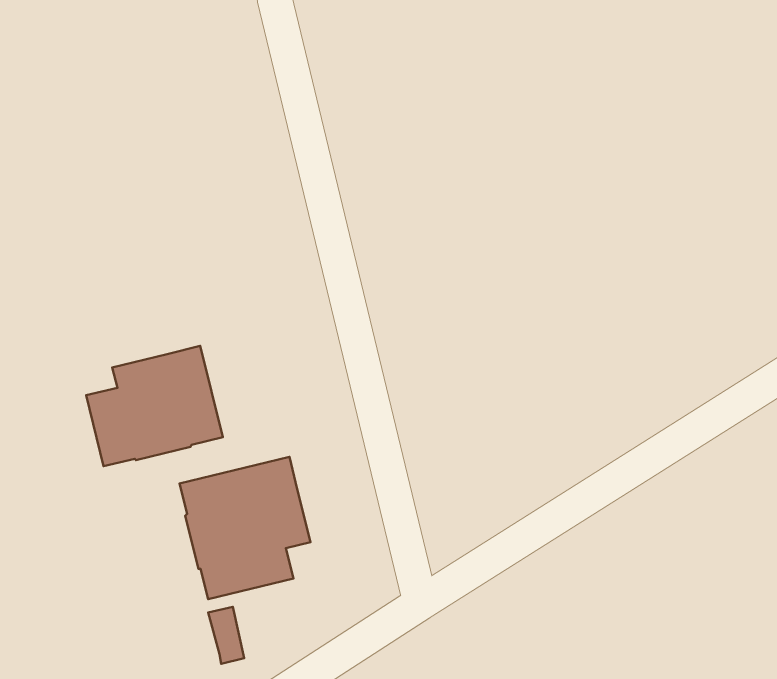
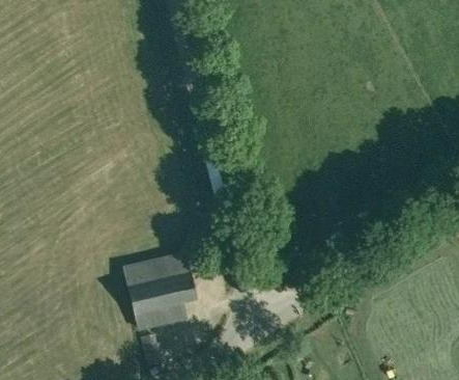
building: [86,346,223,466] -> none

